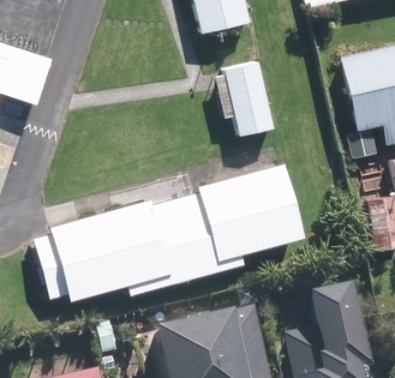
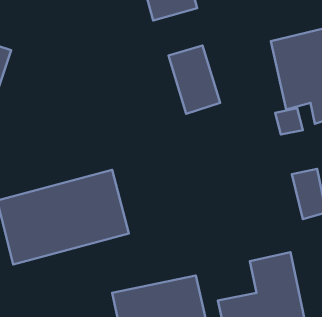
building: [162,162,306,266] -> none

